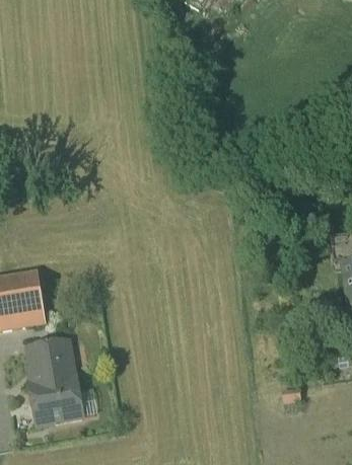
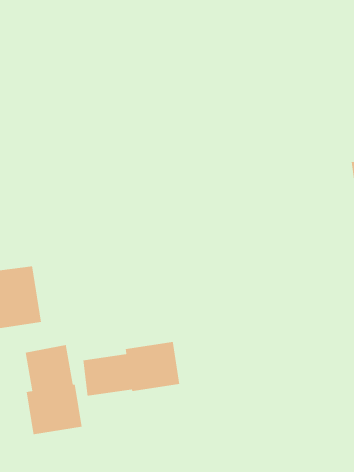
building: none -> [83,341,180,397]

